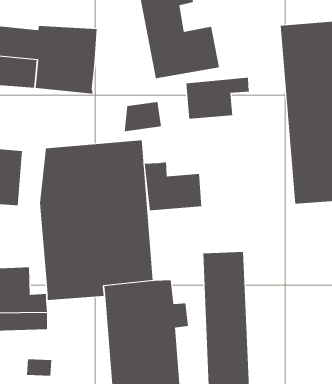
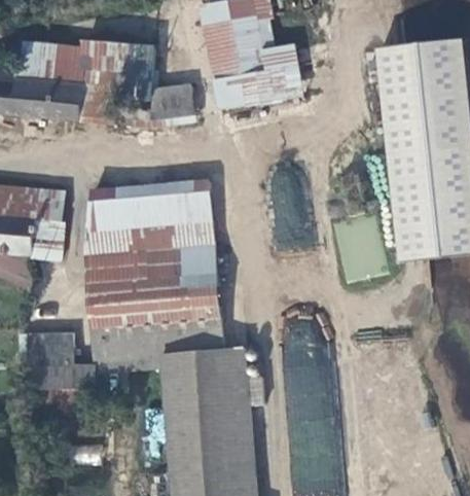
building: [186,77,249,119] -> none
building: [124,102,162,132] -> [150,83,195,119]
building: [144,162,202,211] -> none

